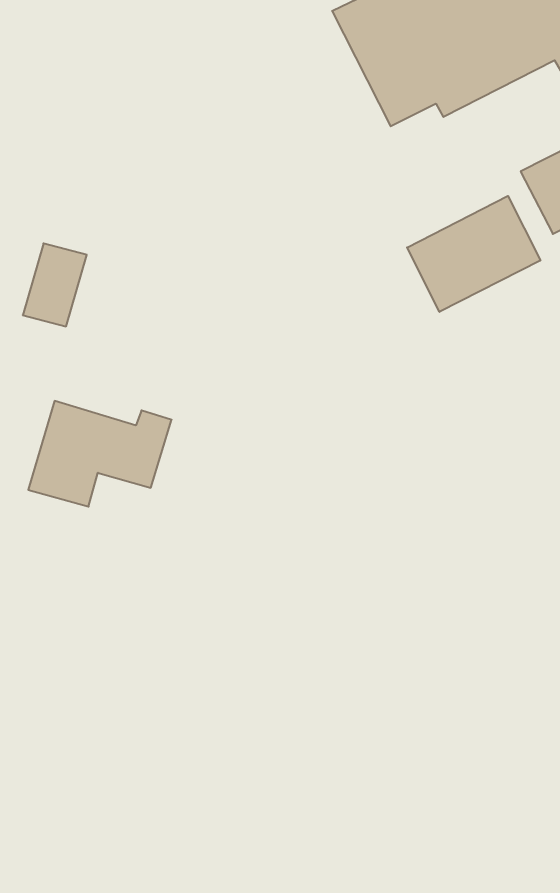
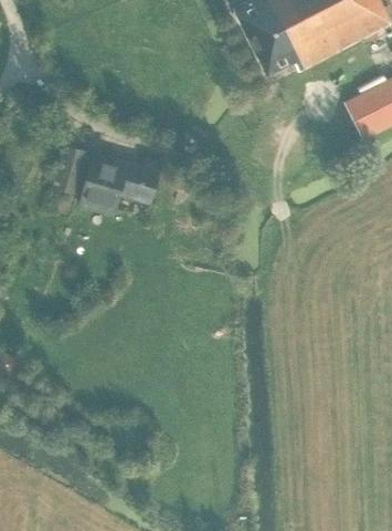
building: [407,196,540,312] -> none
building: [28,401,172,507] -> [78,153,162,215]

